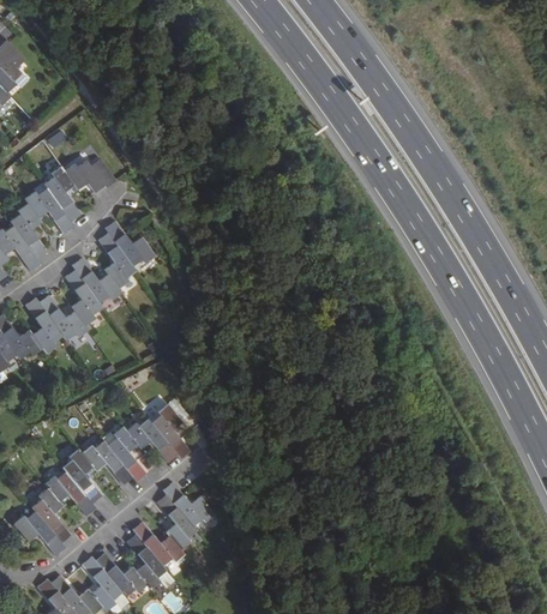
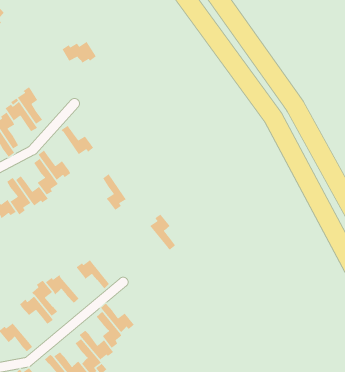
building: [64,158,115,192] -> [61,41,97,64]
building: [100,233,136,288] -> [102,173,127,211]
building: [151,403,191,457] -> [149,213,176,250]
building: [107,425,146,480] -> none
building: [32,487,71,541] -> none

